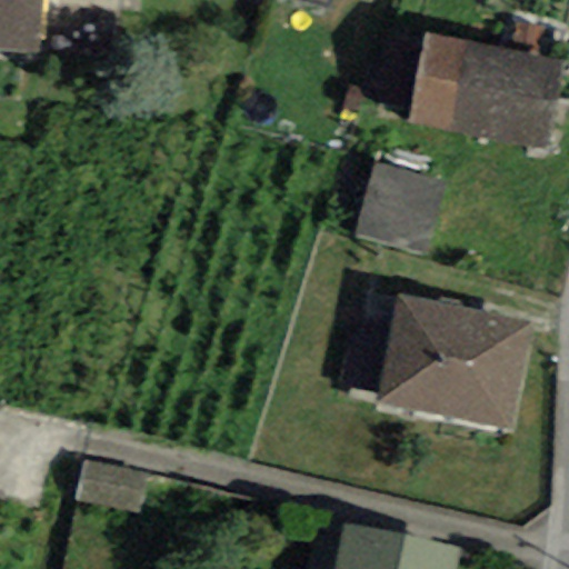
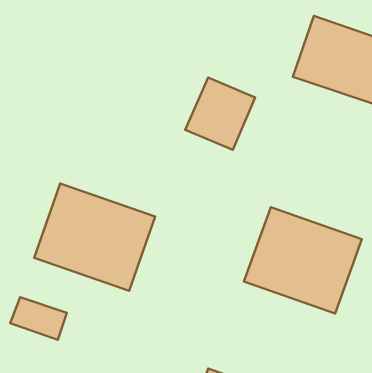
building: [353,160,442,253] -> [185,77,255,150]
building: none -> [34,184,155,291]

